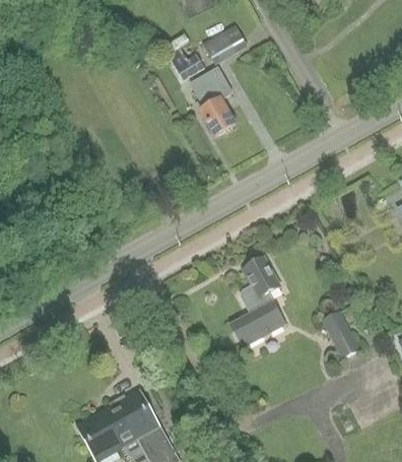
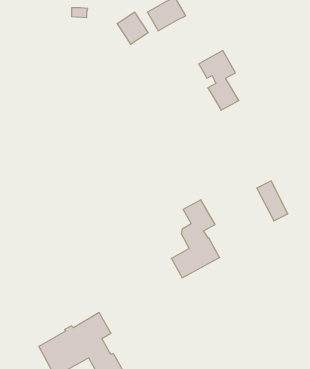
building: [190,67,236,135] -> [199,51,239,110]
building: [323,312,358,357] -> [257,181,288,221]

